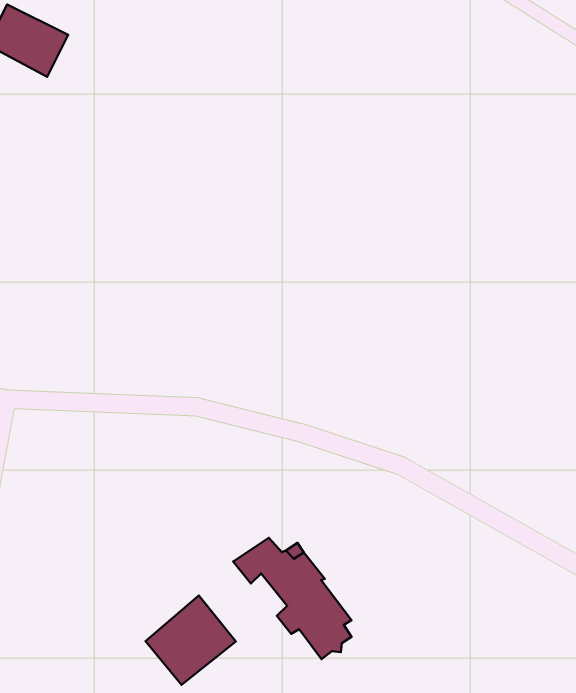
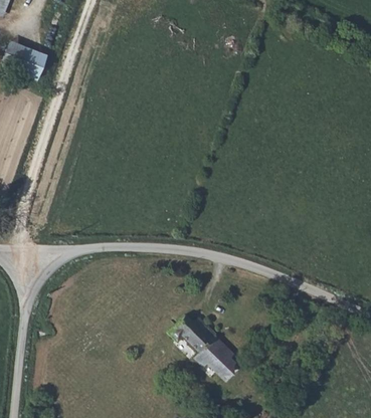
building: [145,596,236,685] -> none

